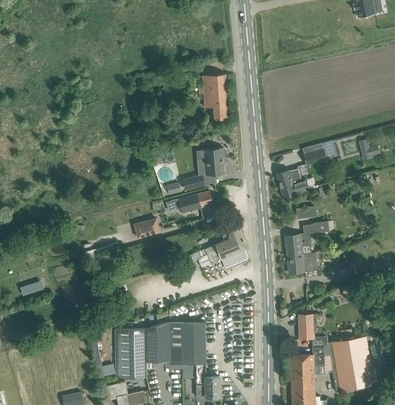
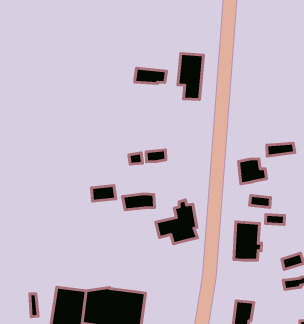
building: none -> [135,68,166,84]
building: [195,148,224,175] -> none
building: [178,192,212,212] -> [122,194,155,210]

